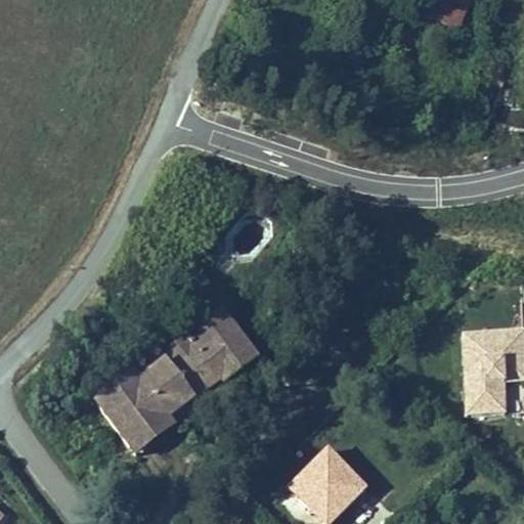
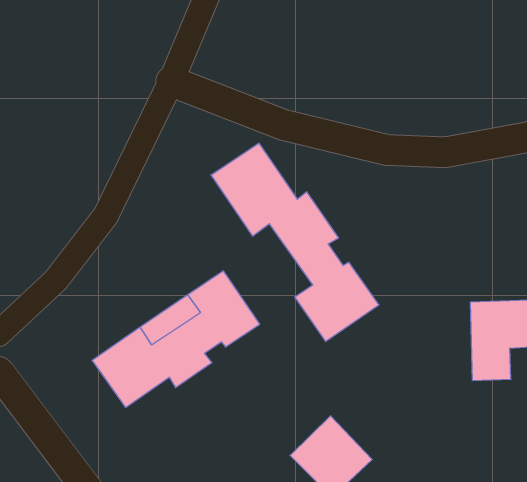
building: none -> [211,143,379,342]
building: [125,407,179,454] -> none

